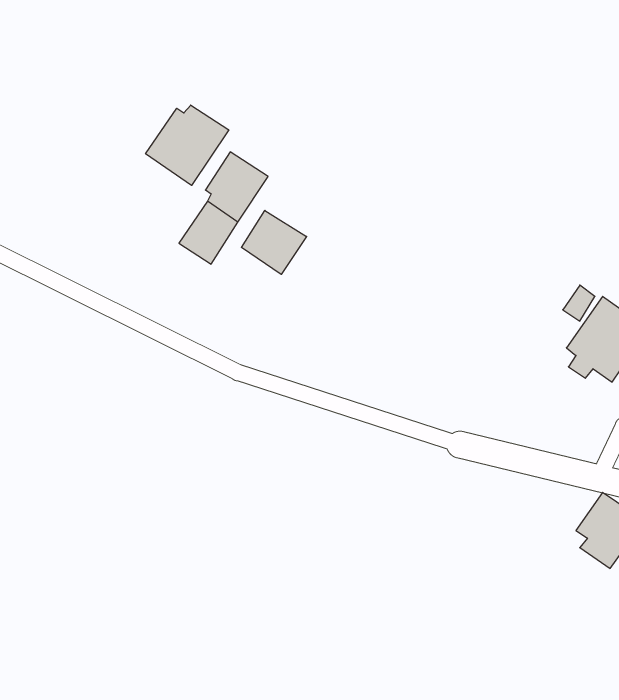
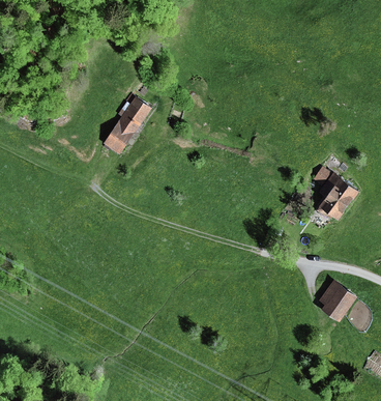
building: [146,105,229,185] -> none
building: [241,210,307,274] -> none

